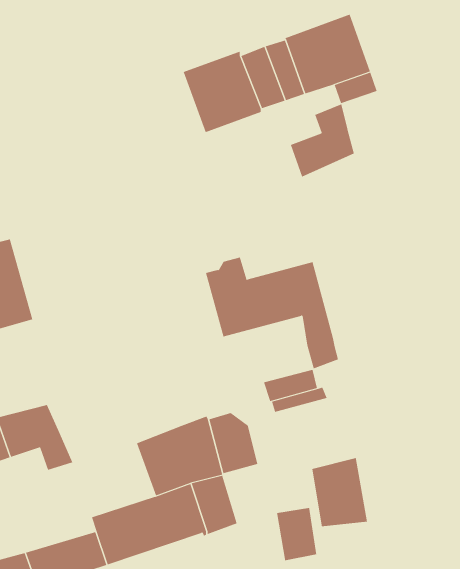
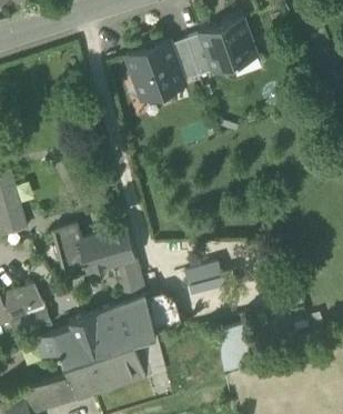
building: [290,104,354,177] -> none
building: [205,257,339,369] -> [52,223,144,301]
building: none -> [37,313,109,364]
building: [276,507,317,561] -> none

